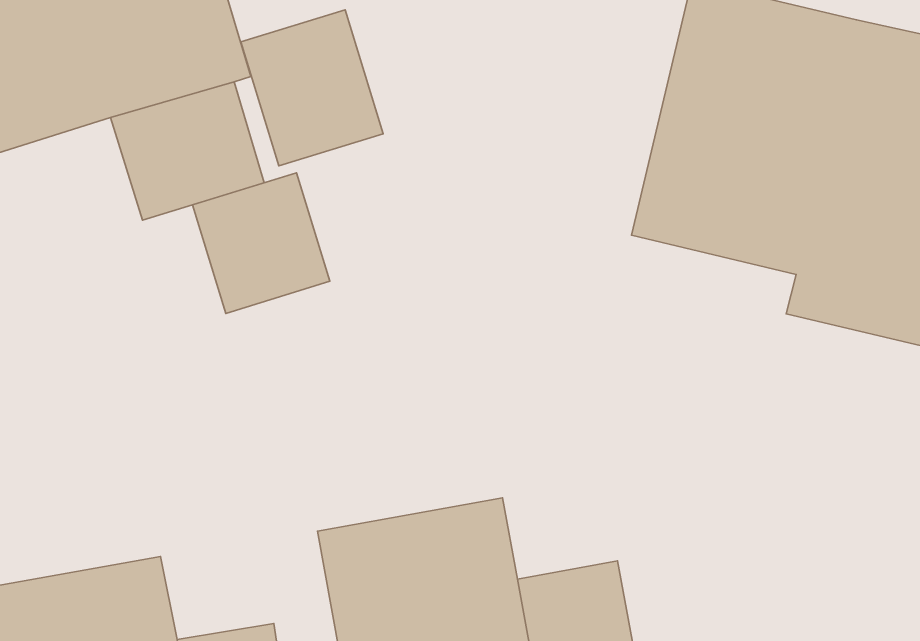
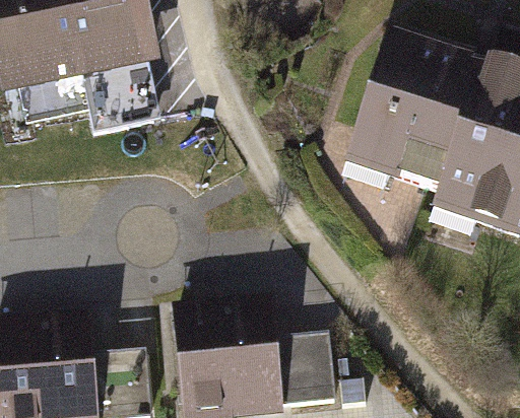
building: [241,10,383,166] -> none
building: [192,173,330,313] -> none

